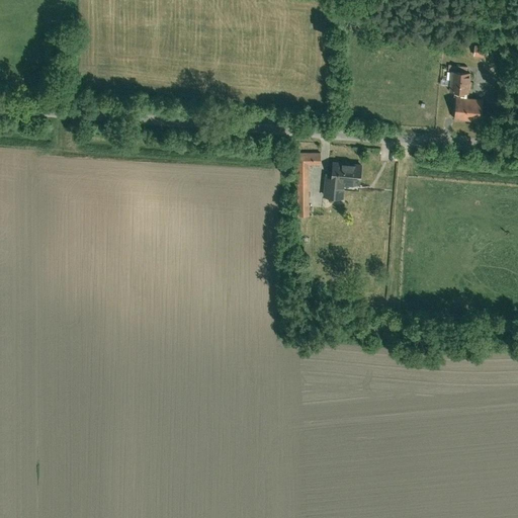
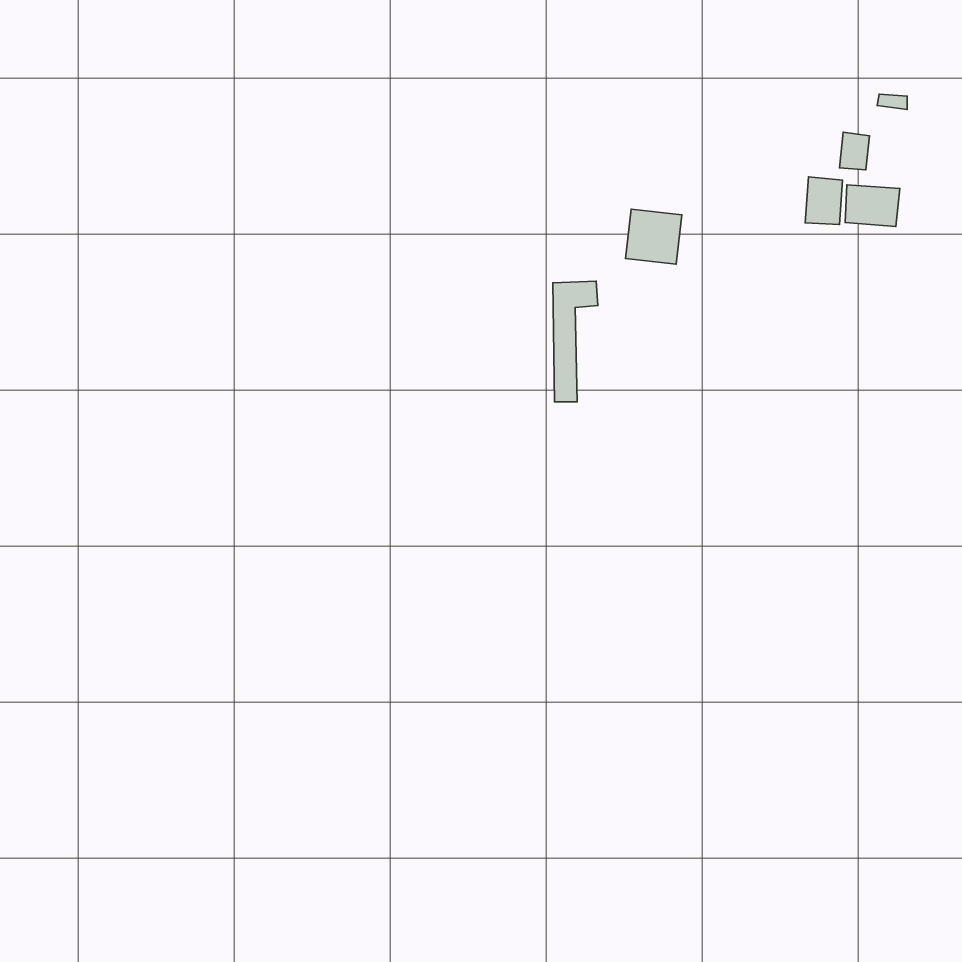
building: none -> [805,177,843,225]
building: [331,162,361,191] -> [625,209,682,264]

